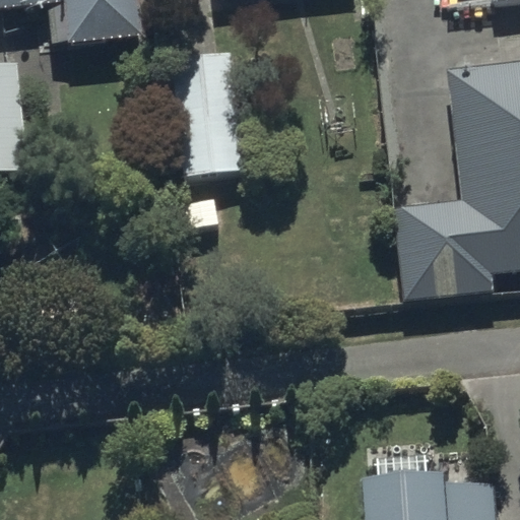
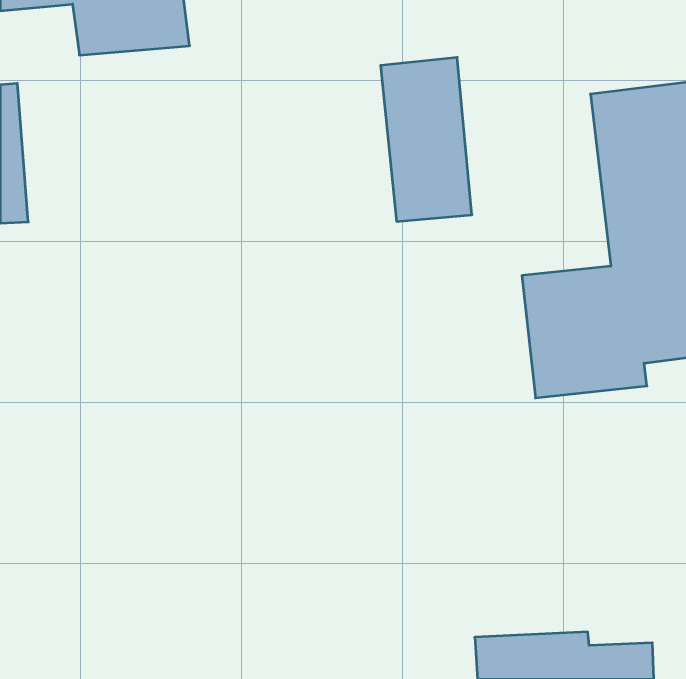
building: [171,53,240,177] -> [381,57,472,221]

